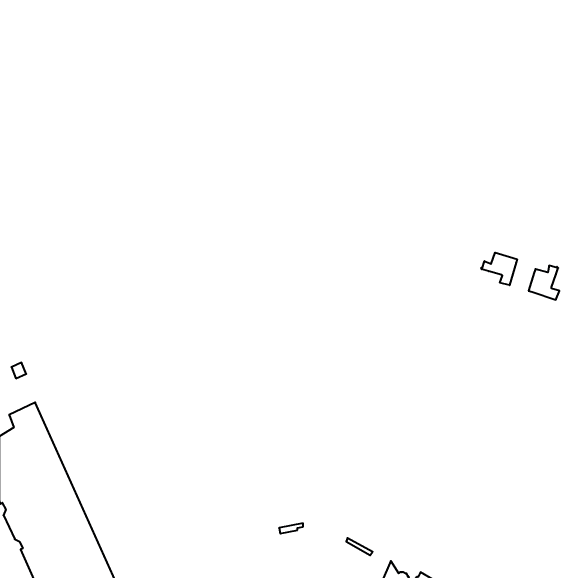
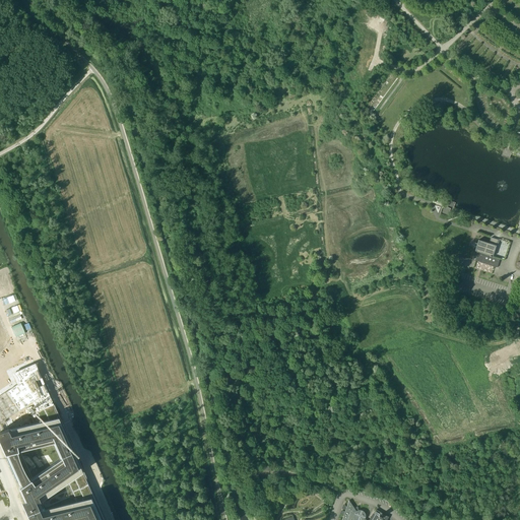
building: [481,253,517,285] -> none

